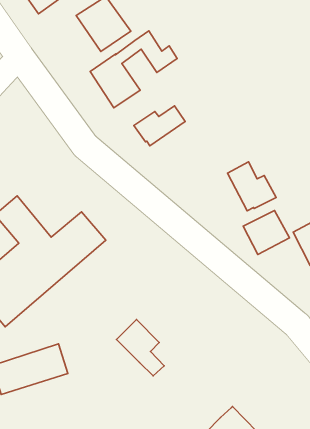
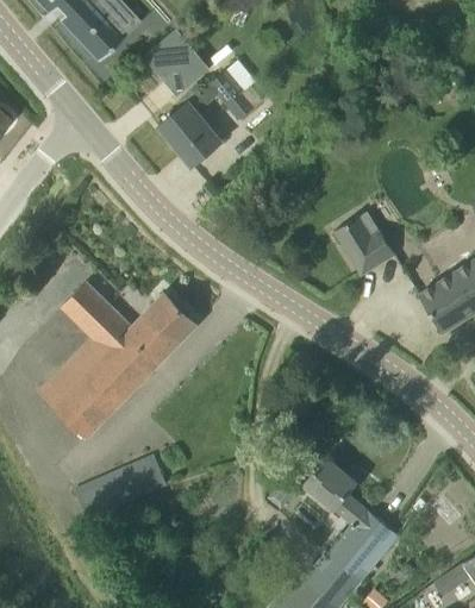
building: [134,106,185,146] -> none
building: [243,210,290,254] -> none
building: [117,319,164,376] -> [305,458,364,524]

